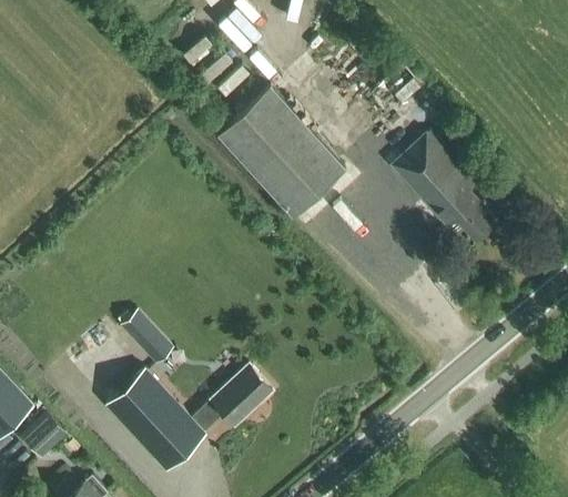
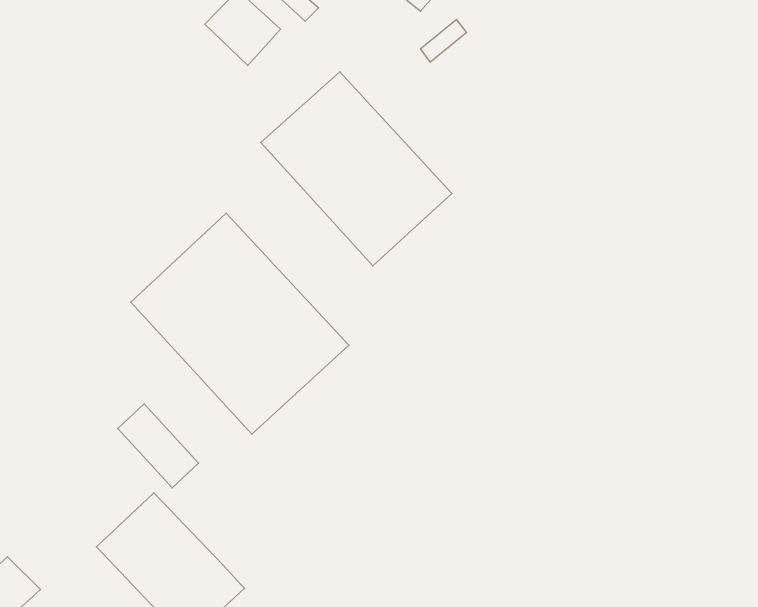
building: [390,130,498,242] -> none
building: none -> [131,213,349,434]
building: [192,365,274,433] -> none

